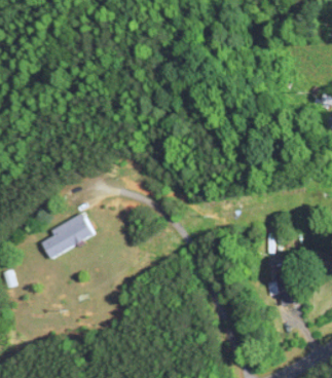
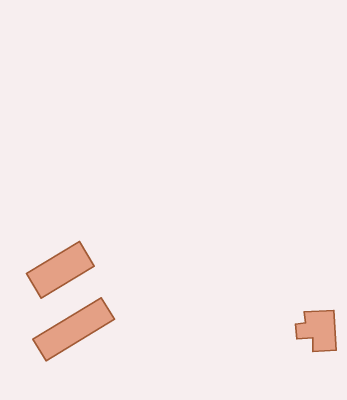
building: none -> [33,298,114,361]

